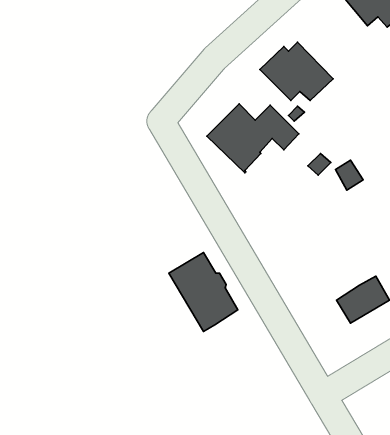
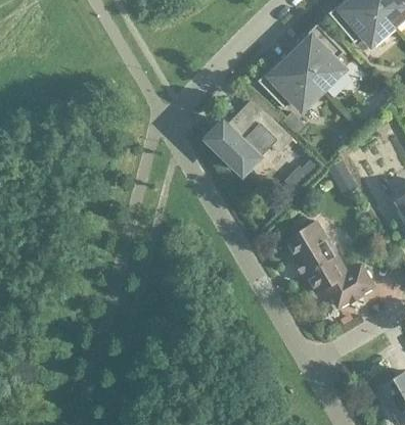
building: none -> [291,25,345,90]
building: [169,252,238,332] -> [285,223,347,293]

